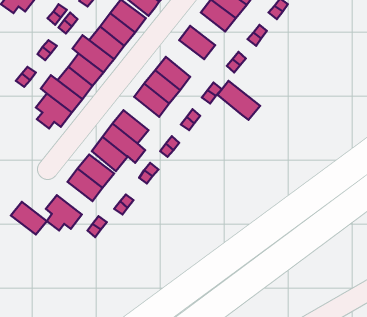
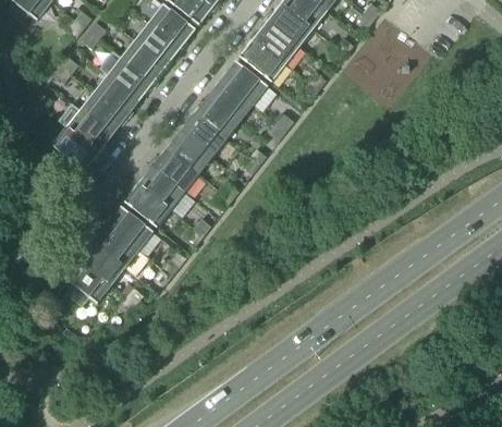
building: none -> [256,16,302,59]
building: [218,81,260,120] -> [224,56,280,107]
building: none -> [169,126,216,170]
building: [11,202,47,235] -> [82,237,128,280]

